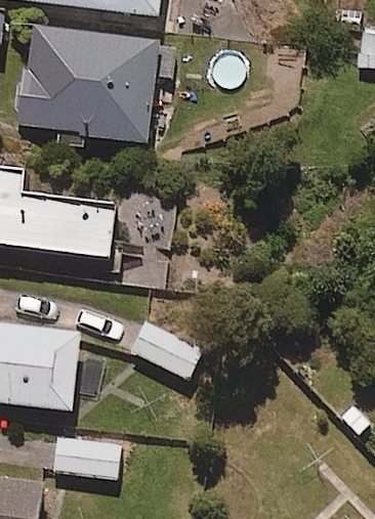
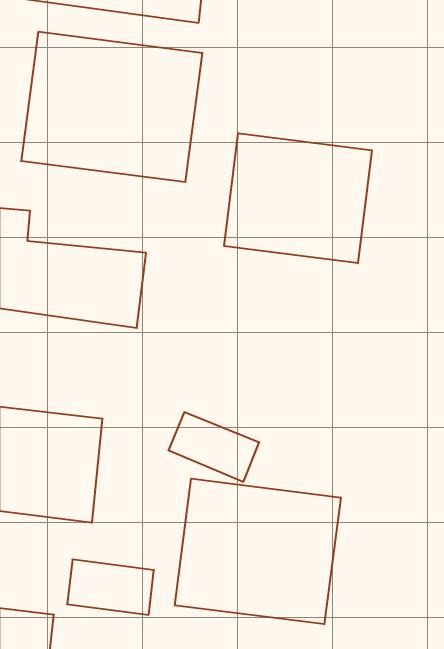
building: none -> [224,133,372,263]
building: none -> [175,479,341,624]

